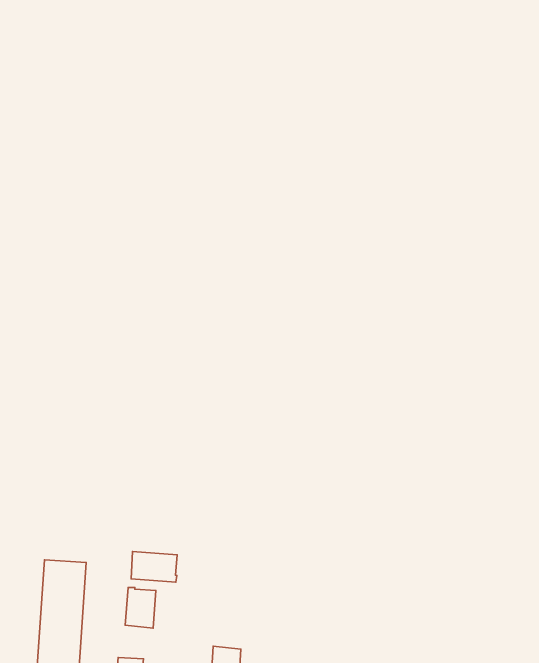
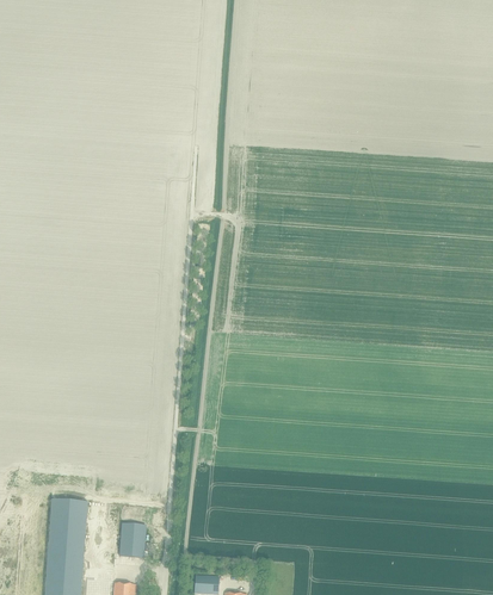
building: [131,552,177,582] -> none

